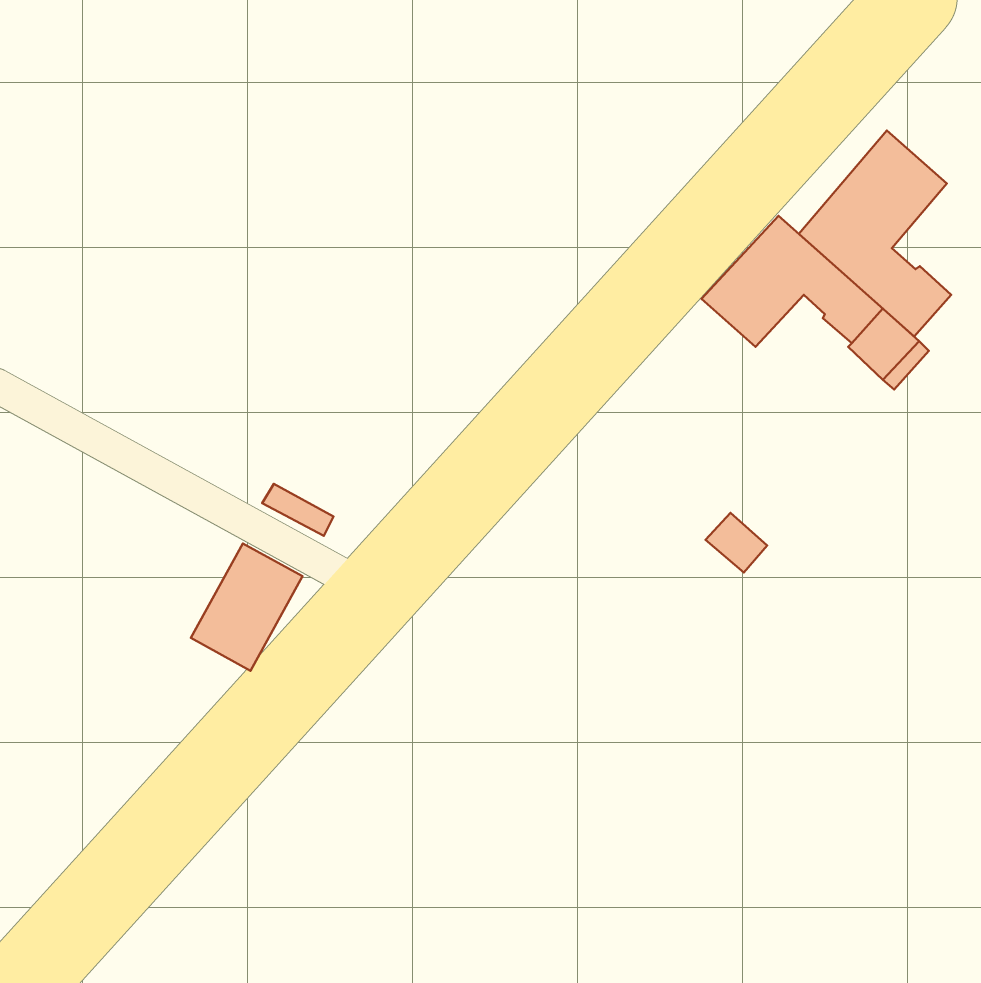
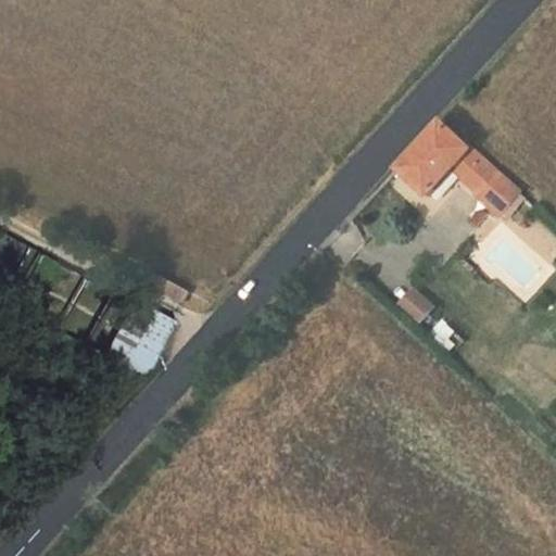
building: [799,131,951,336] -> none

